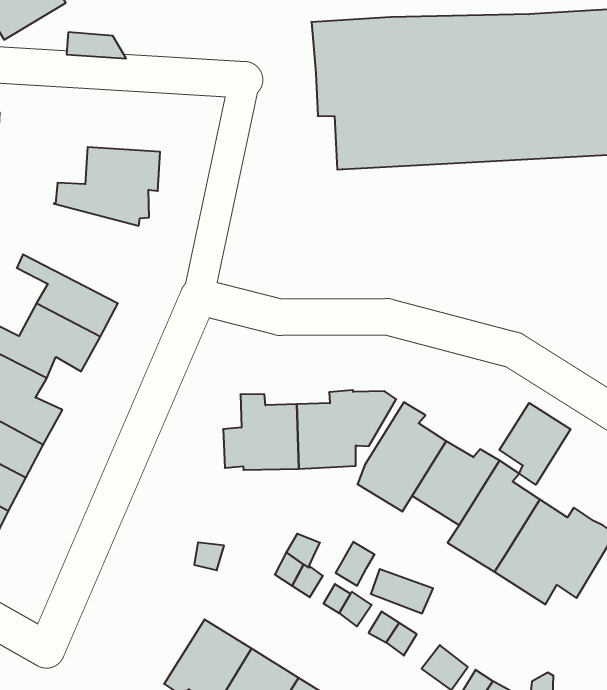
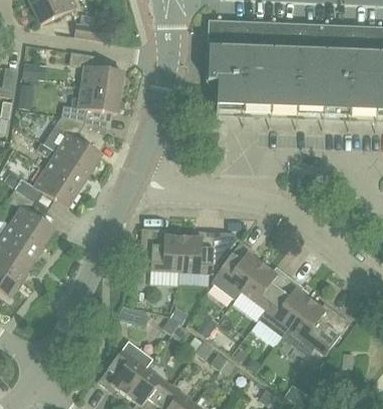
building: none -> [68,50,122,91]
building: none -> [40,114,105,171]
building: [499,403,571,485] -> none

